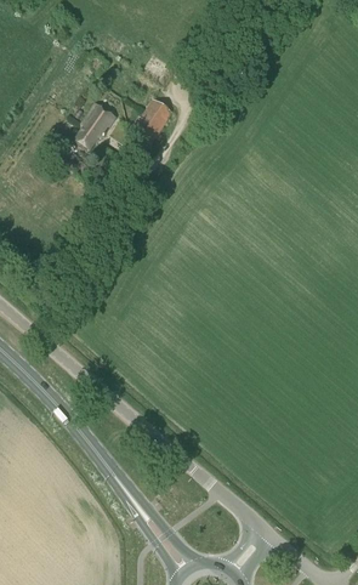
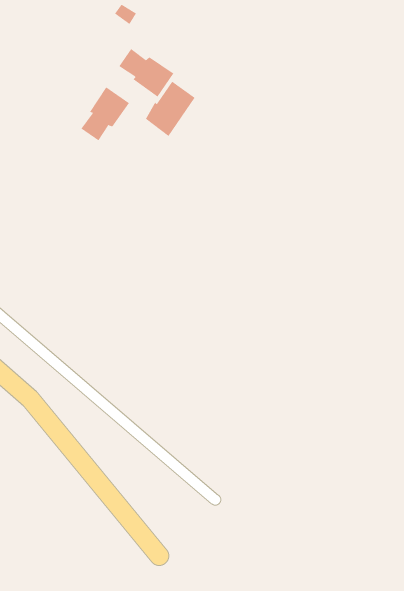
building: none -> [119,48,174,97]

